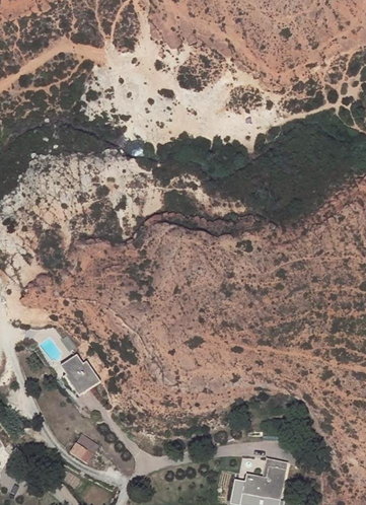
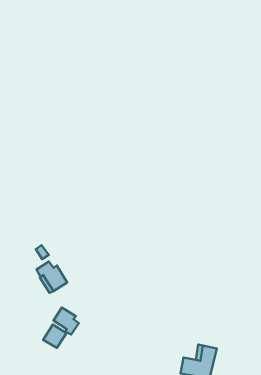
building: none -> [53,308,79,335]

